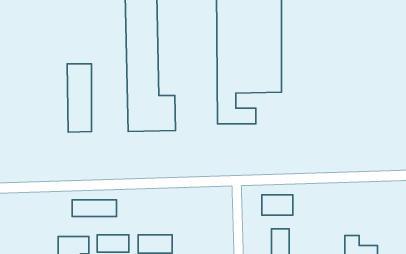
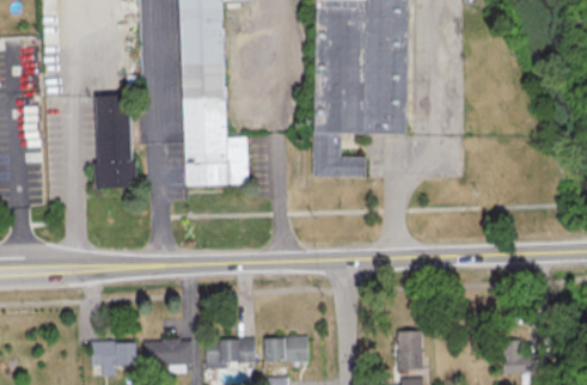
building: [262,195,293,215] -> none
building: [72,200,117,216] -> none
building: none -> [261,337,305,360]

